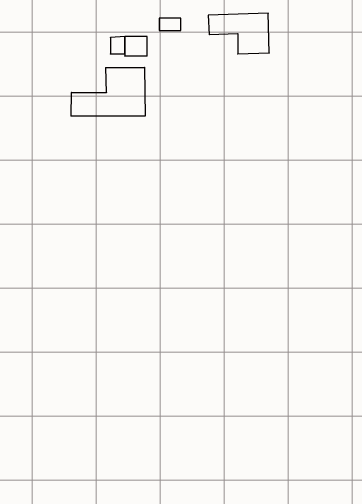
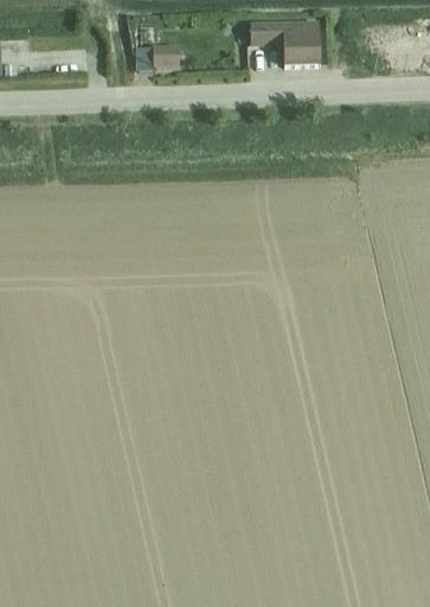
building: [71,67,145,116] -> none

